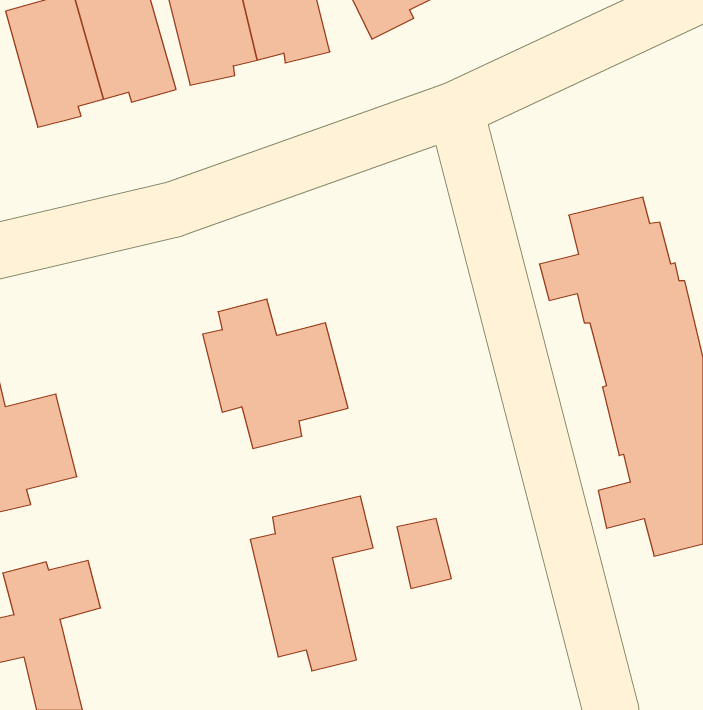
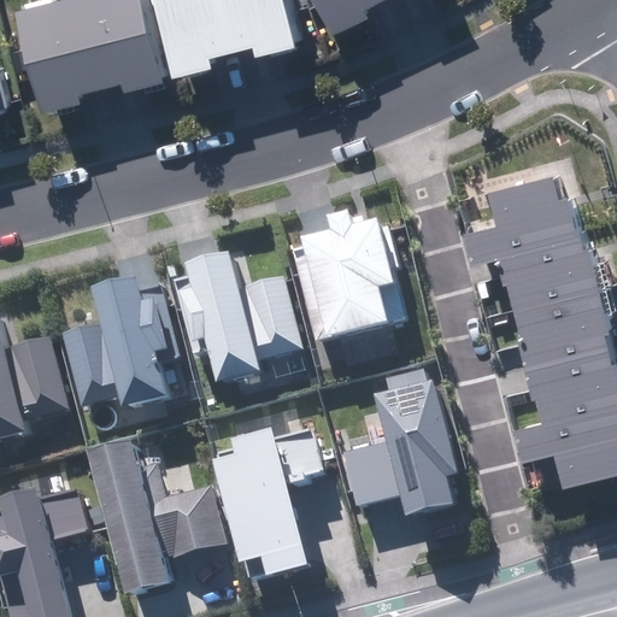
building: none -> [289,216,401,342]
building: none -> [59,281,175,410]
building: none -> [377,387,457,521]
building: none -> [92,442,223,599]

